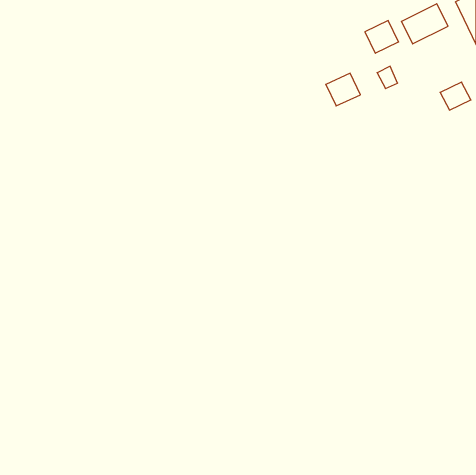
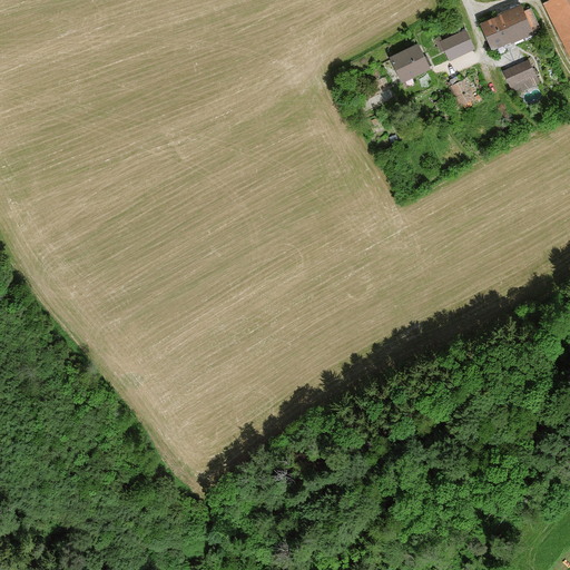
building: [326,73,360,106] -> [389,43,430,82]
building: [440,82,471,110] -> [503,60,540,94]

